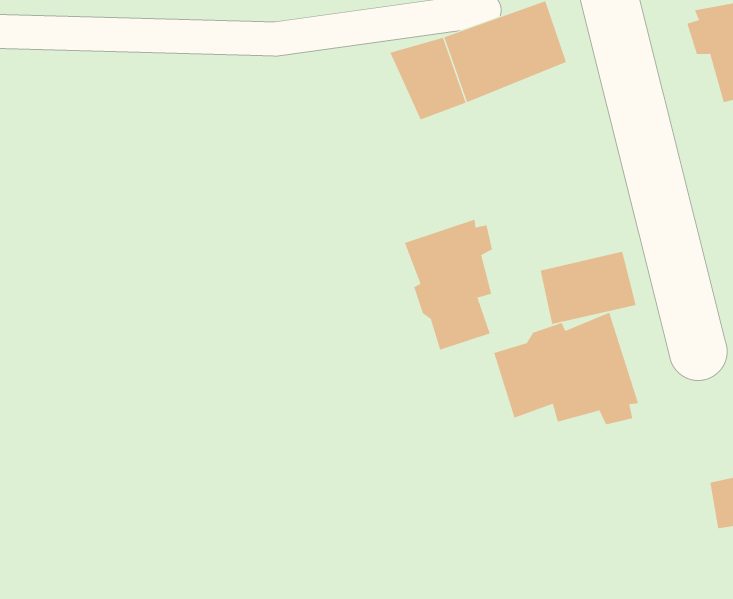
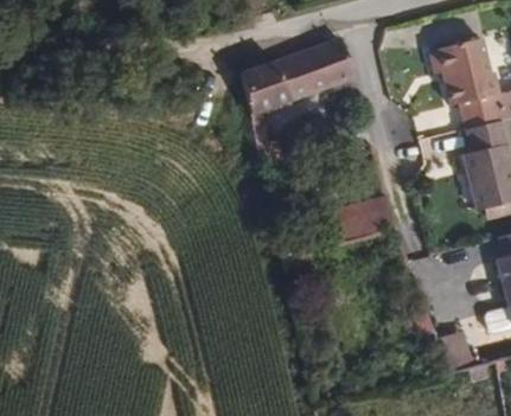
building: [404,219,492,350] -> none
building: [494,312,639,425] -> none

